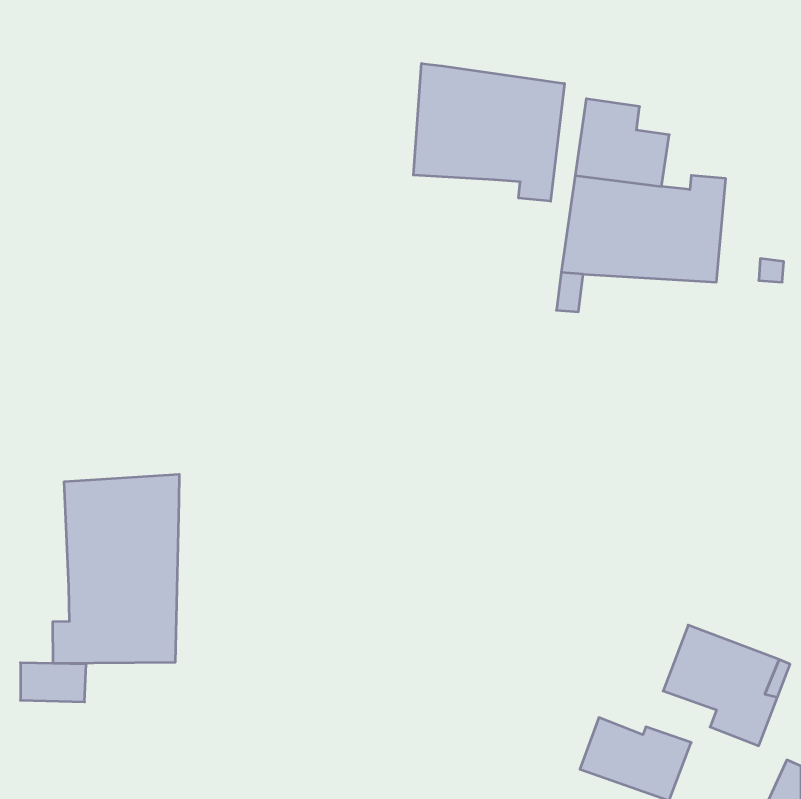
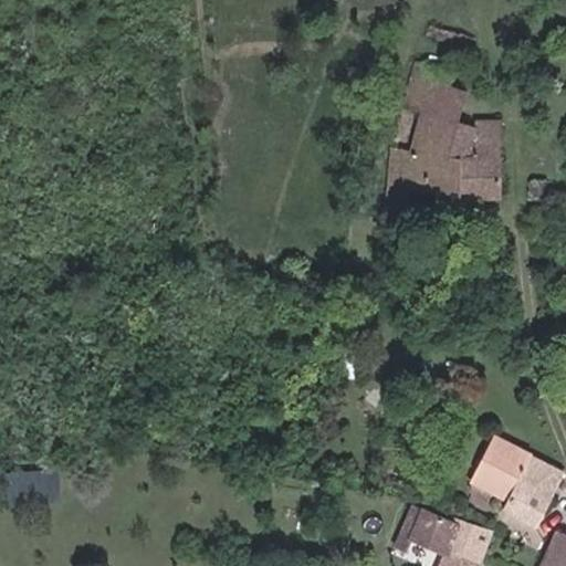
building: [413,63,564,201] -> none
building: [53,474,179,663] -> none

